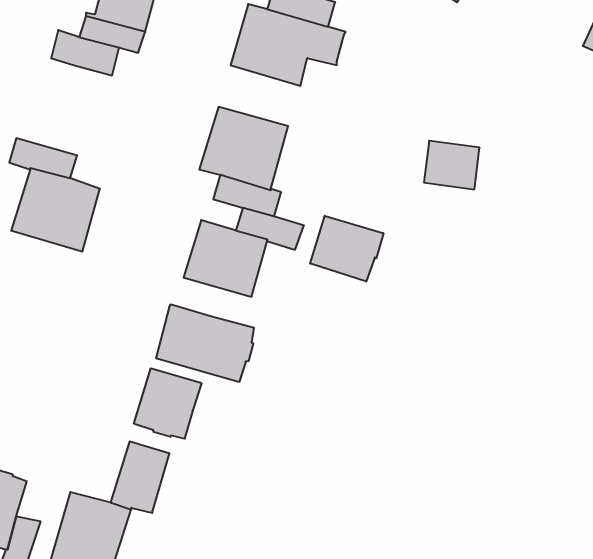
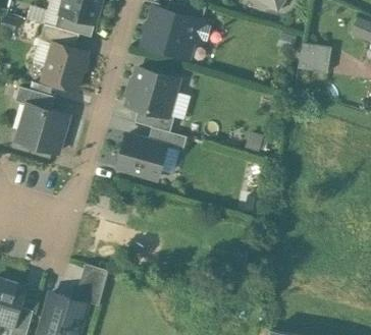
building: none -> [42,44,86,90]
building: [424,141,480,189] -> [298,44,330,72]
building: [310,216,383,282] -> none
building: [156,304,254,382] -> none
building: [134,368,202,439] -> none

